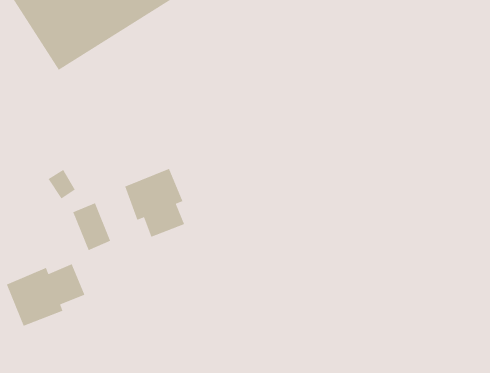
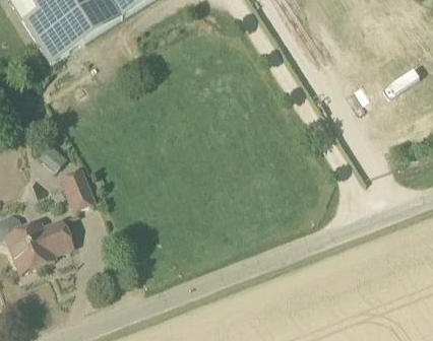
building: [124,168,185,238] -> none

